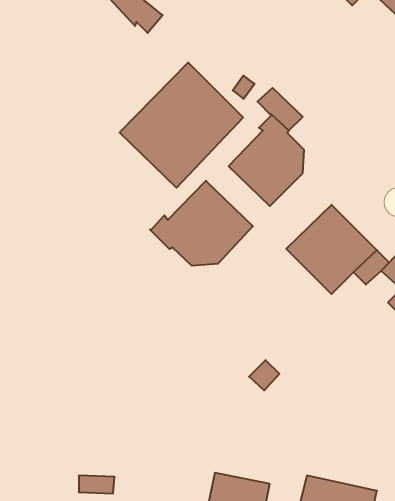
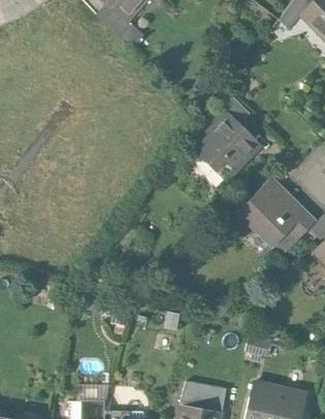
building: [120,62,243,188] -> none
building: [150,181,253,266] -> none

